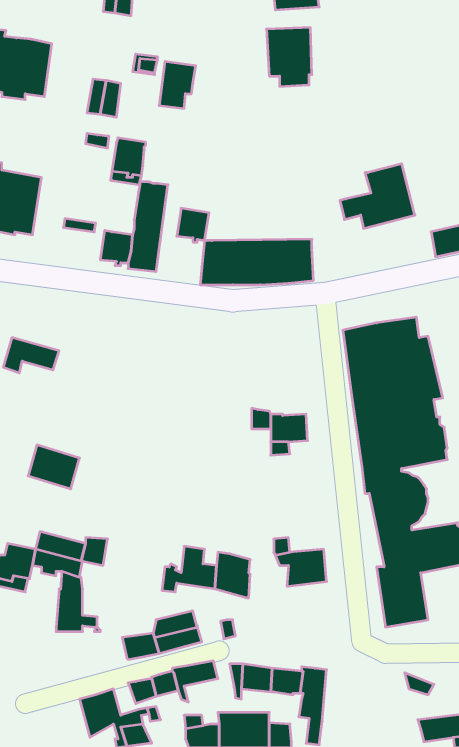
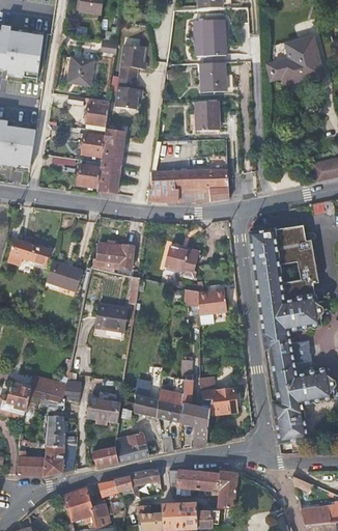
building: none -> [202,60,228,90]
building: none -> [116,75,139,108]
building: none -> [196,100,220,129]
building: [340,164,415,228] -> [269,36,321,82]
building: [177,208,209,242] -> [82,133,105,157]
building: none -> [92,243,134,269]
building: none -> [164,246,196,269]
building: none -> [96,303,130,331]
building: [28,445,80,489] -> [47,259,83,290]
building: none -> [181,359,210,445]
building: none -> [87,391,122,422]
building: none -> [16,442,78,474]

